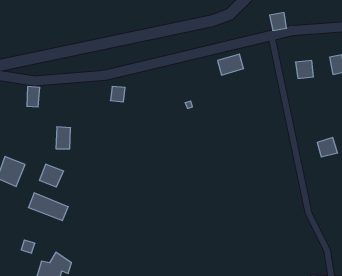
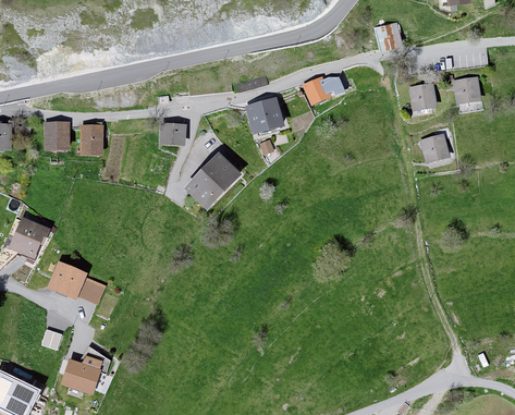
building: none -> [247,103,283,138]
building: none -> [188,156,235,204]
building: [56,127,71,149] -> [82,125,101,155]
building: [317,137,338,157] -> [422,137,450,163]
building: [40,164,64,187] -> none

